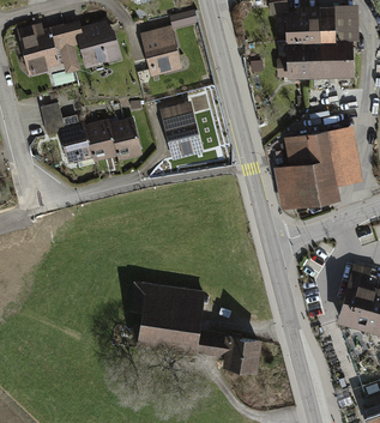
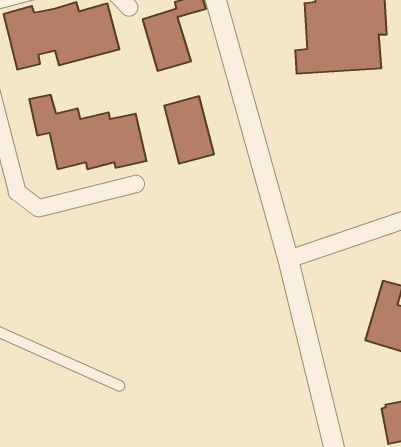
building: [275,126,363,210] -> none
building: [129,282,263,370] -> none

